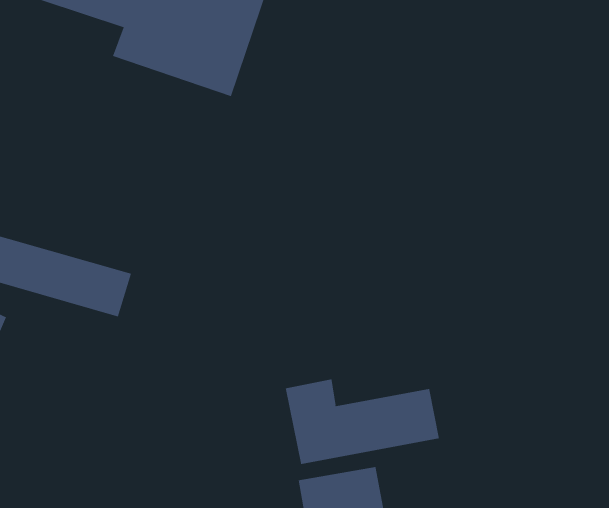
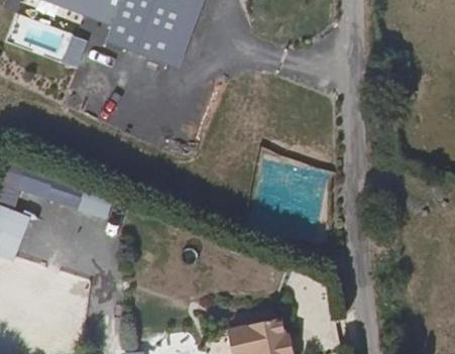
building: [285,378,440,465] -> none

